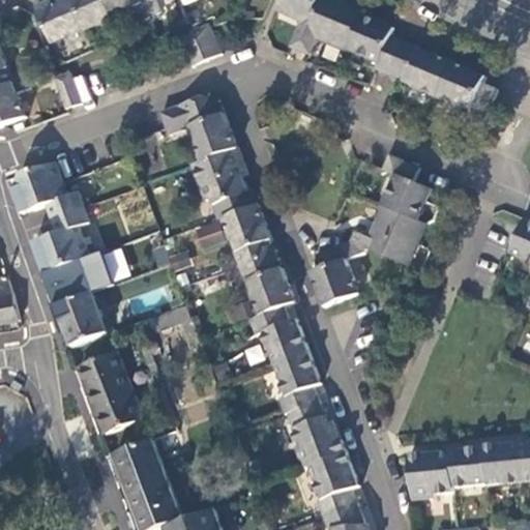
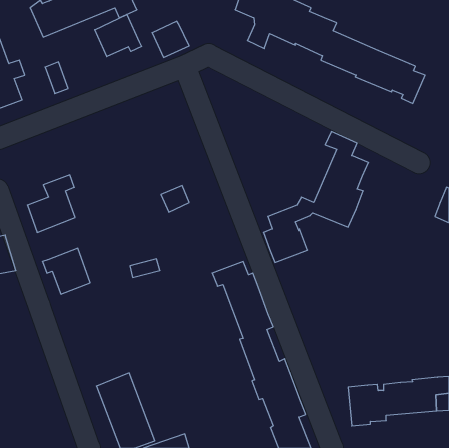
building: none -> [95,14,142,57]
building: [159,94,296,317] -> none
building: [12,161,82,216] -> none
building: [43,251,113,304] -> none
building: [78,350,141,432] -> none

